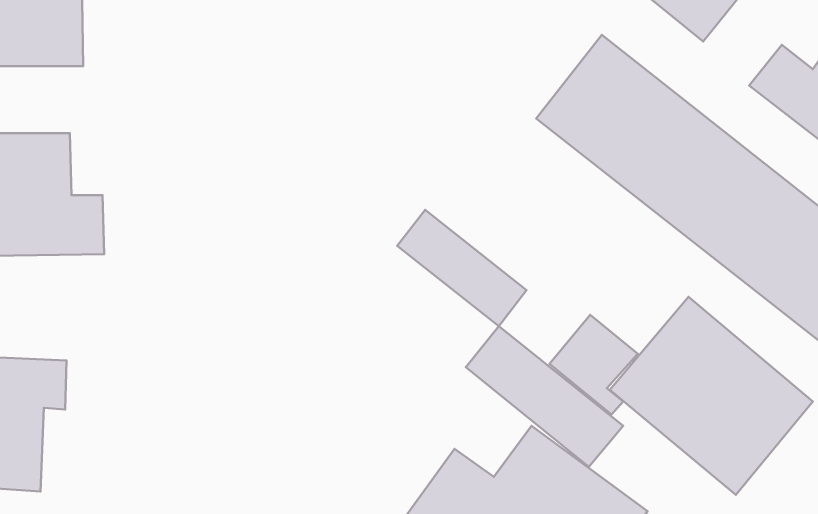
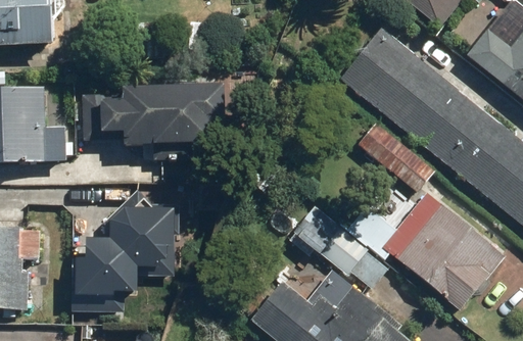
building: none -> [104,84,226,142]
building: [397,210,527,326] -> [354,119,435,192]
building: none -> [77,187,178,296]

